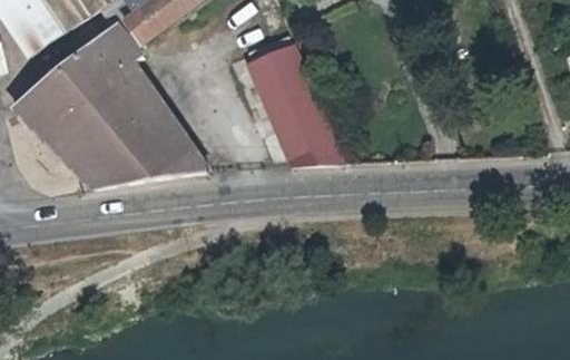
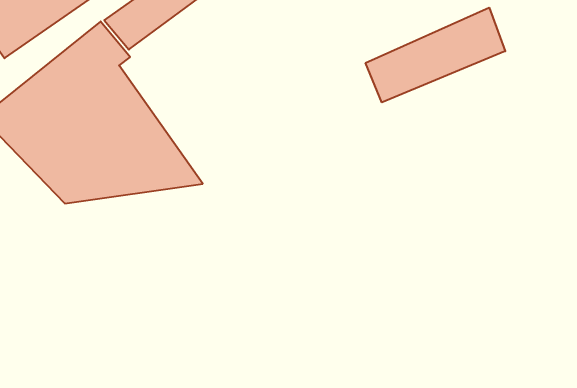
building: none -> [366,8,505,102]
building: [247,38,345,164] -> none

